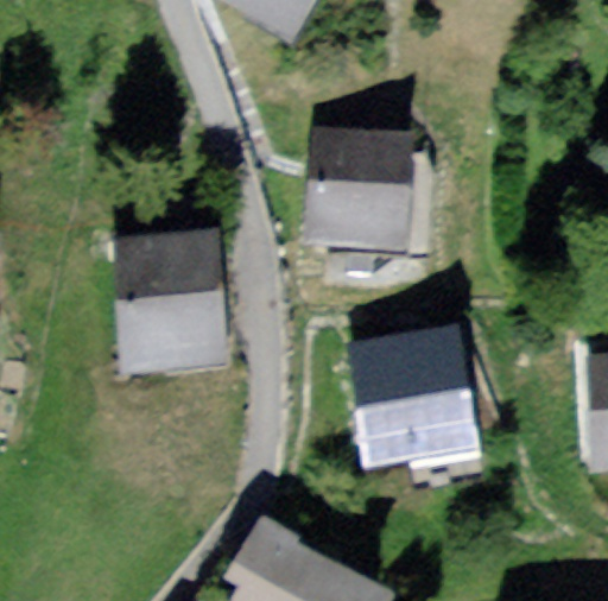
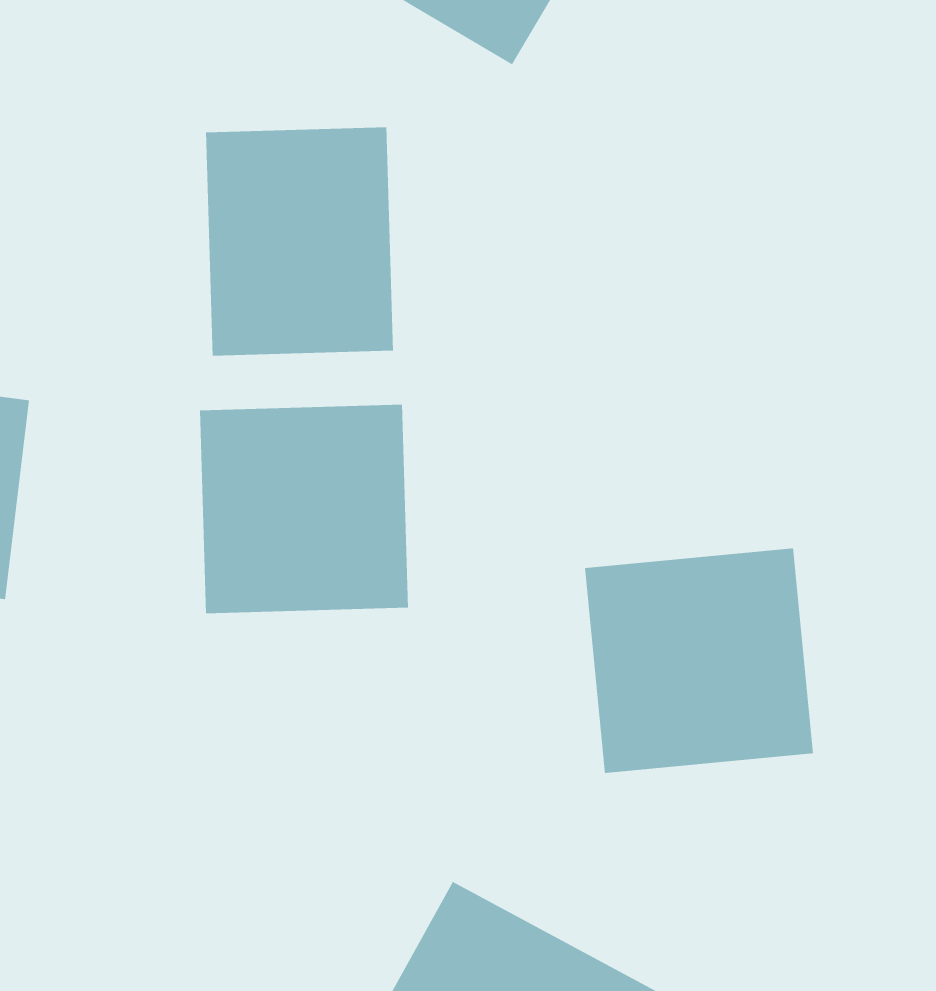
building: none -> [205,126,394,356]
building: [299,116,431,253] -> none

